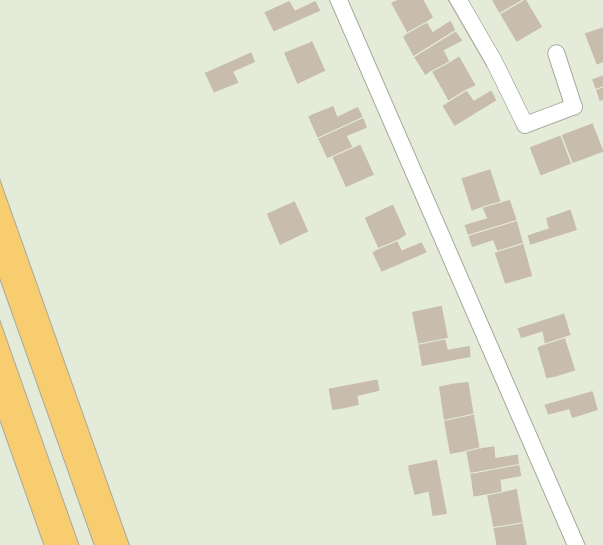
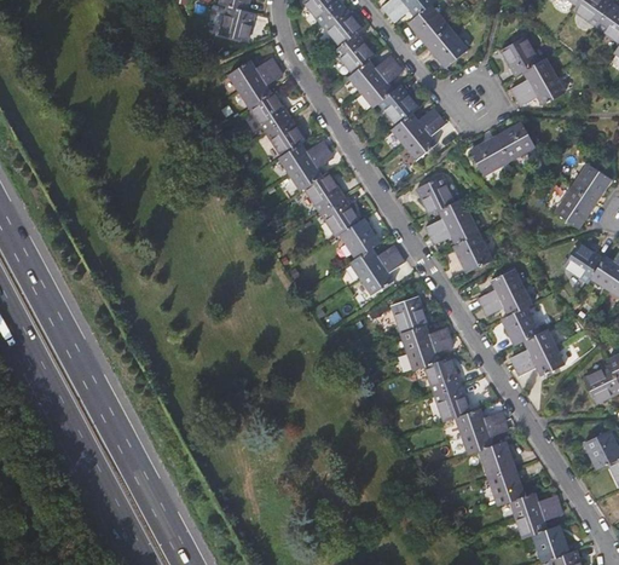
building: [204,52,256,93] -> [241,65,283,105]
building: none -> [267,115,306,154]
building: none -> [405,117,444,158]
building: [266,201,309,246] -> [322,196,360,236]
building: [527,209,578,246] -> [480,270,522,306]
building: none -> [363,254,404,294]
building: none -> [511,330,556,367]
building: [328,379,381,411] -> [409,336,453,369]
building: [408,459,448,517] -> none

